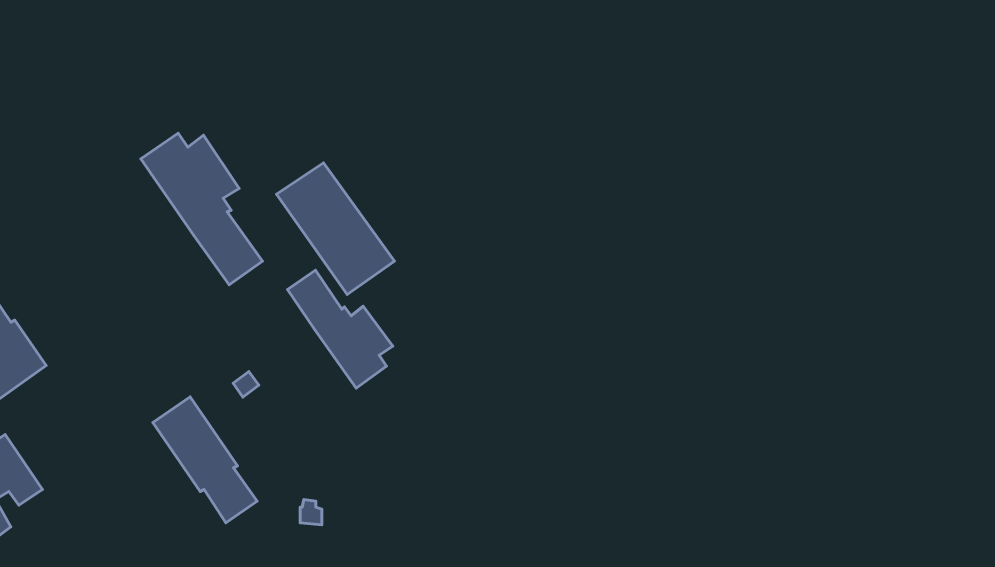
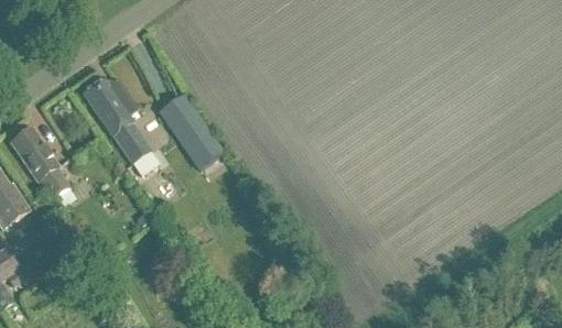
building: [287,270,393,388] -> none
building: [153,397,257,523] -> [10,127,68,197]

